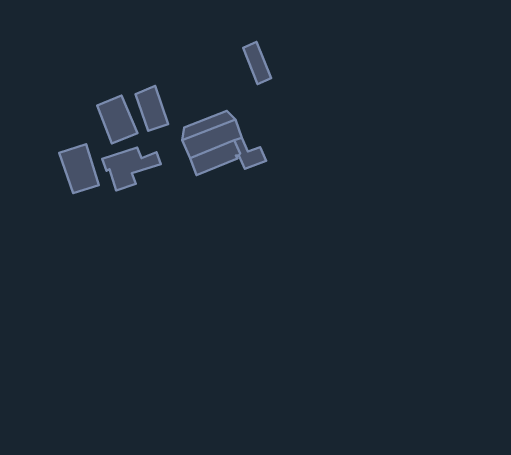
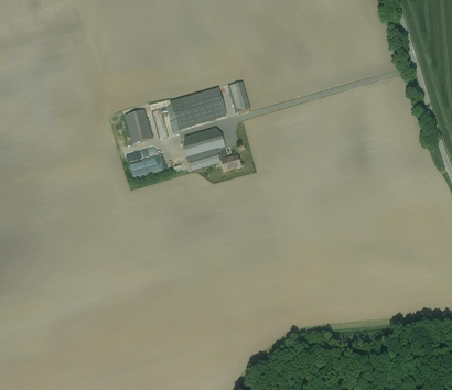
building: none -> [170,86,225,128]
building: [59,144,99,193] -> none

